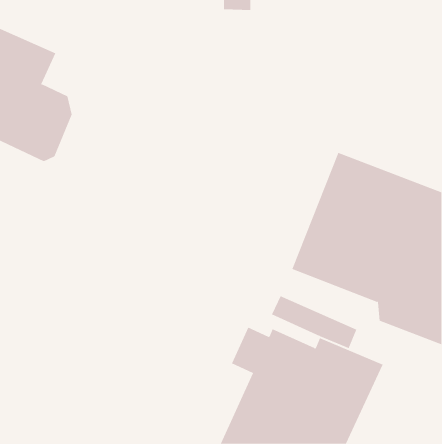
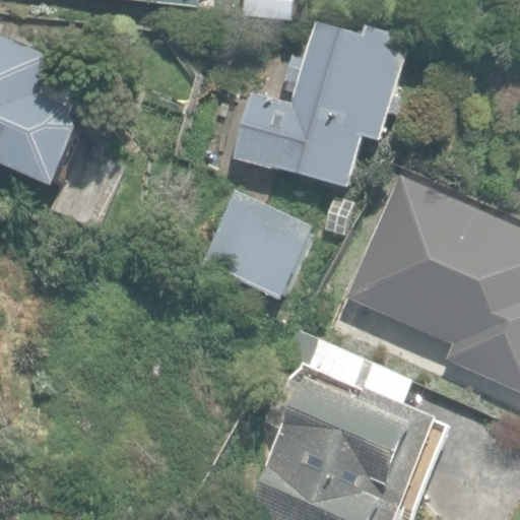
building: none -> [236,24,410,185]
building: none -> [203,192,319,301]

